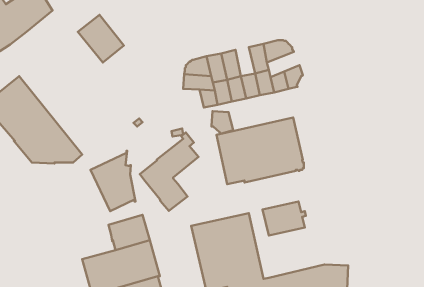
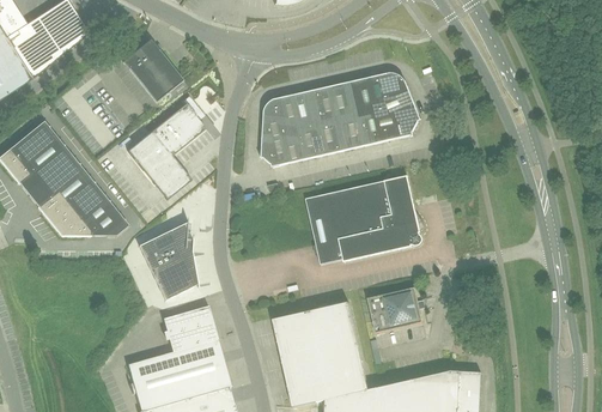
building: none -> [330,81,357,120]
building: none -> [372,87,415,121]
building: [211,111,233,134] -> [260,137,288,166]
building: [140,133,198,211] -> [127,95,205,199]

